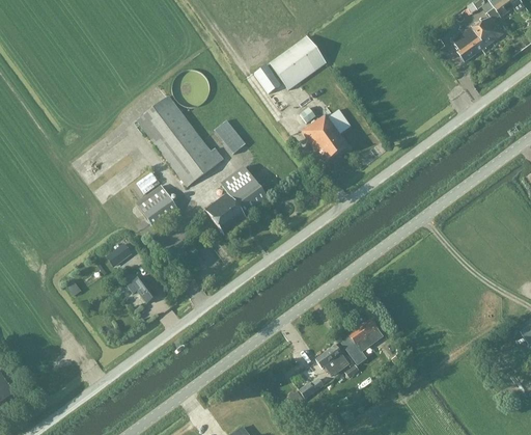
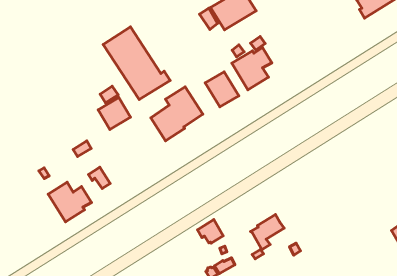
building: [214,119,246,154] -> none
building: none -> [205,72,239,107]
building: none -> [48,182,91,222]
building: [315,344,348,374] -> [197,220,223,243]

